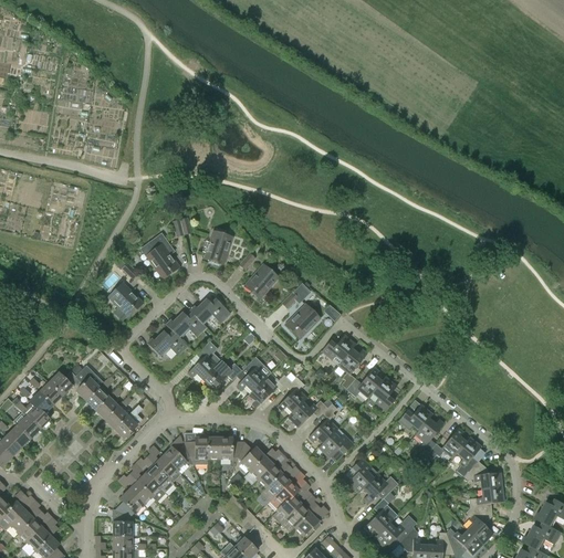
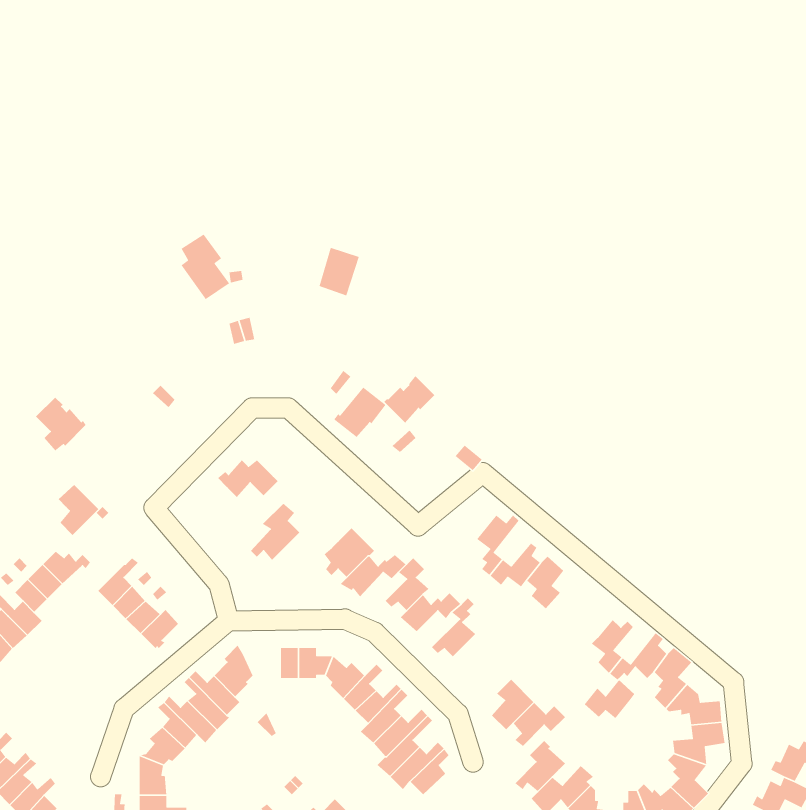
building: [206,230,233,263] -> [318,247,360,297]
building: [147,233,180,277] -> [180,234,230,300]
building: [108,283,143,319] -> [35,397,87,452]
building: [190,298,230,323] -> none
building: [285,305,320,337] -> [384,375,435,423]
building: [147,330,187,356] -> none
building: [322,334,356,365] -> none
building: [202,360,242,389] -> none
building: [76,365,104,399] -> [58,484,99,536]
building: [398,403,432,430] -> [584,679,635,719]
building: [318,428,353,457] -> none
building: [184,436,208,464] -> none

